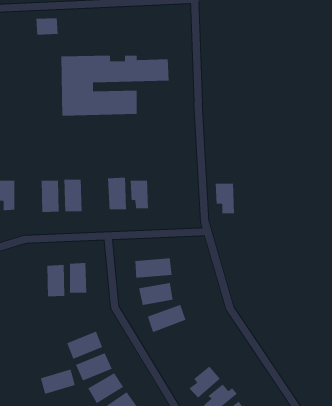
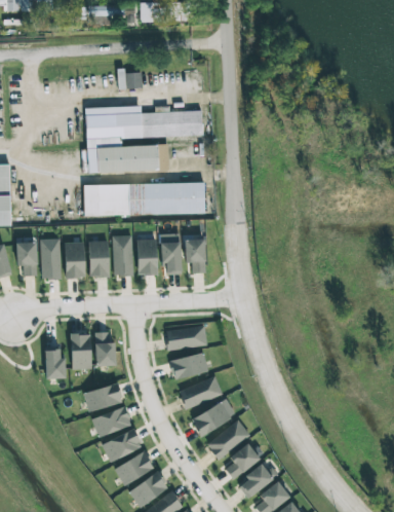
building: [36,17,58,35] -> [118,70,143,89]
building: none -> [84,182,205,216]
building: none -> [113,234,133,276]
building: none -> [41,239,62,279]
building: [215,183,235,214] -> [185,239,206,272]
building: none -> [45,348,66,378]
building: none -> [192,400,236,434]
building: none -> [206,420,250,458]
building: [40,368,76,395] -> [84,382,123,411]

